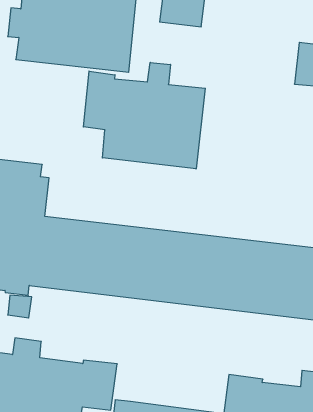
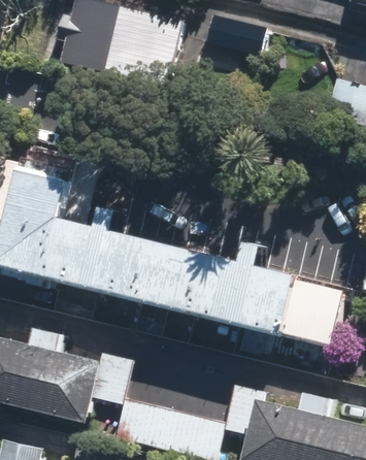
building: [83,62,205,169] -> none

